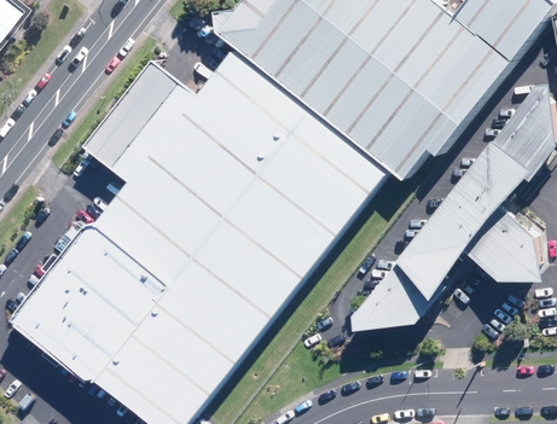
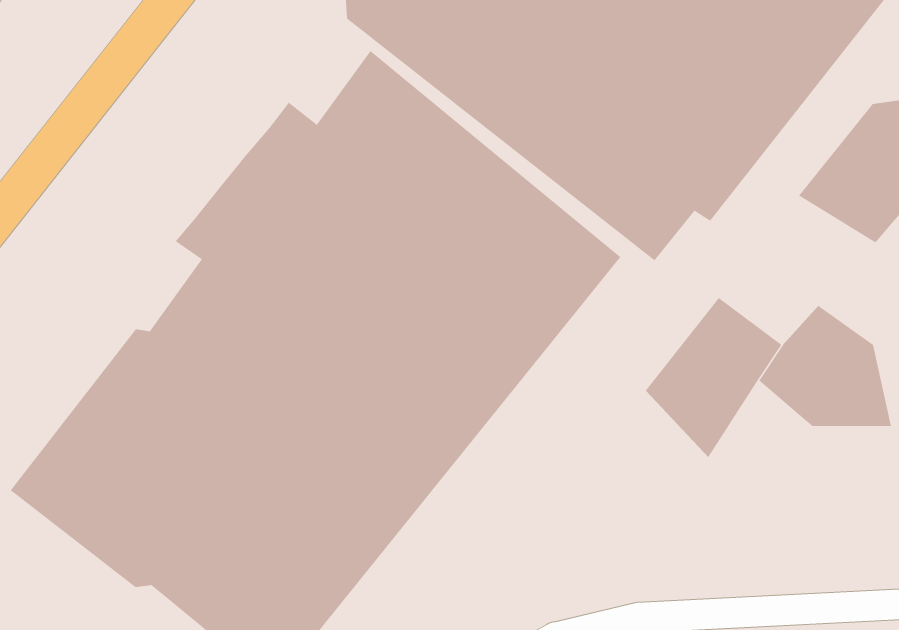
building: [87,62,181,169] -> none
building: [442,141,538,232] -> none
building: [354,260,436,331] -> none

